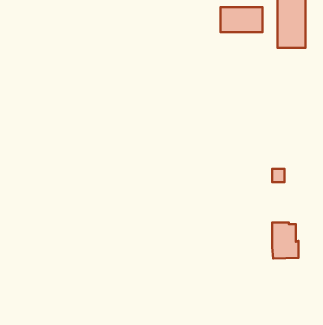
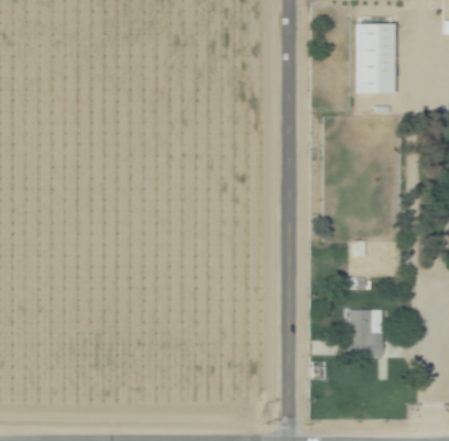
building: [221,7,263,32] -> none

